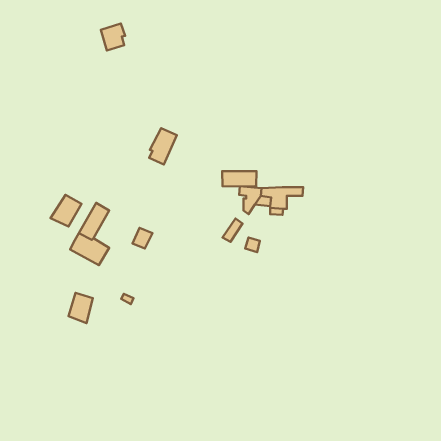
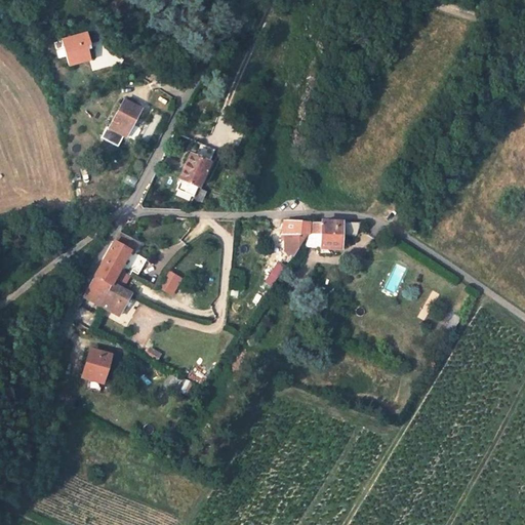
building: [101,24,125,50] -> [64,32,92,64]
building: none -> [111,98,143,135]
building: [222,171,257,186] -> none
building: [51,195,82,227] -> none

